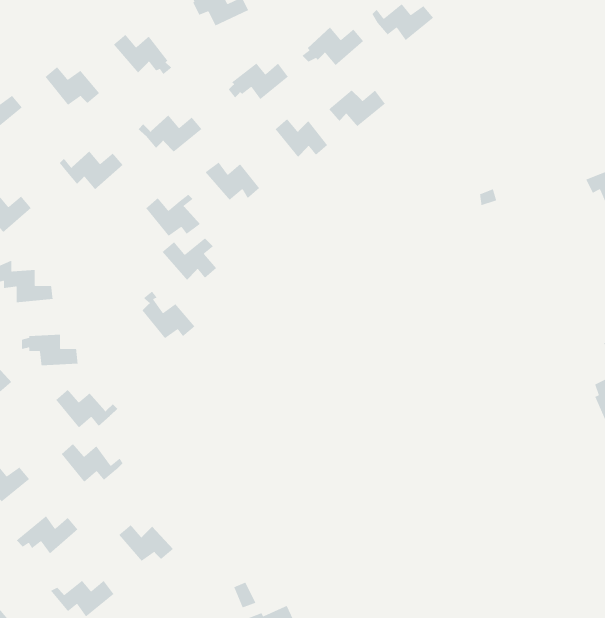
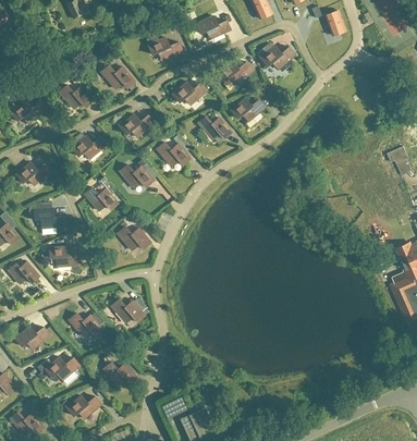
building: [162,238,217,281] -> [84,184,118,210]
building: [55,389,118,428] -> [111,298,149,322]

